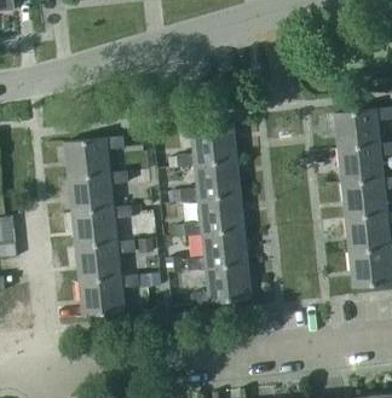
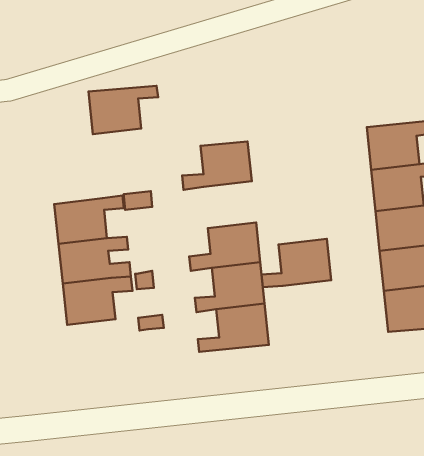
building: [64,138,123,179] -> [88,86,158,134]
building: [180,160,240,201] -> [262,239,331,287]
building: [79,276,138,317] -> none

